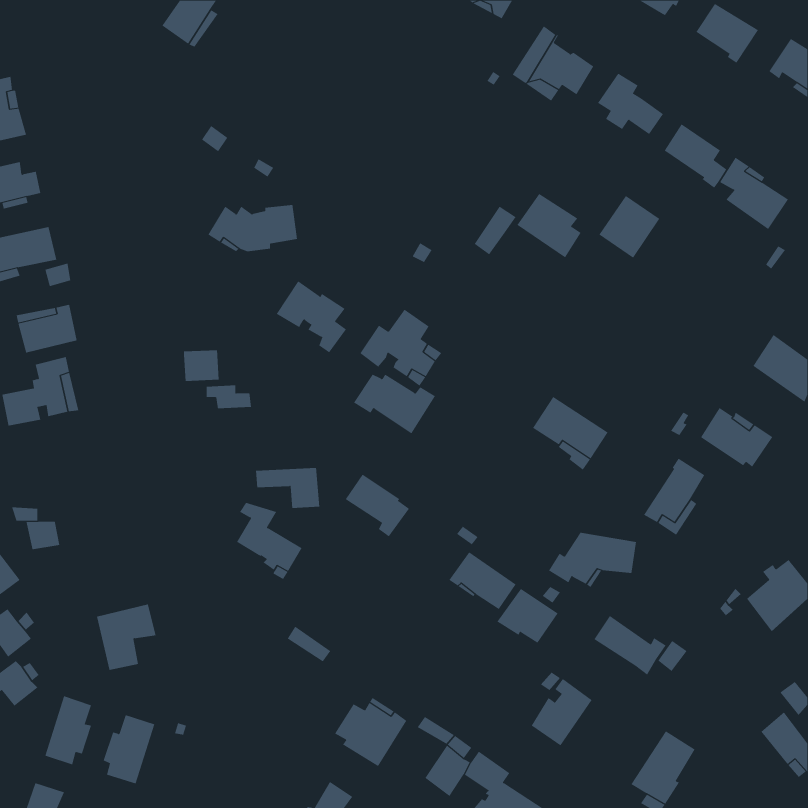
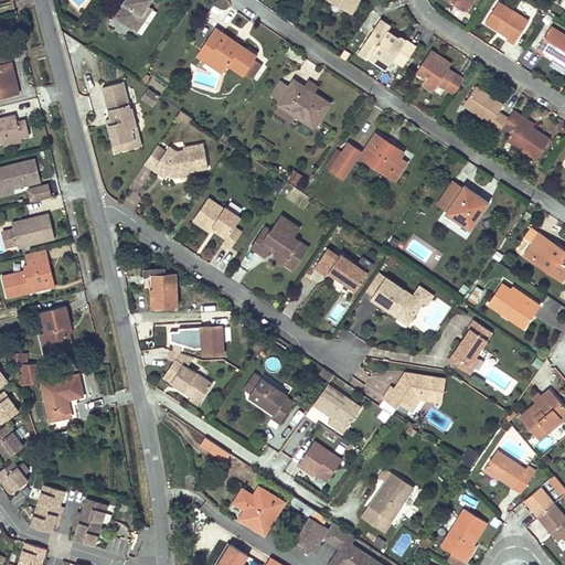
building: none -> [199,29,260,81]
building: none -> [277,81,329,126]
building: none -> [100,83,137,153]
building: [599,195,660,258] -> [445,186,488,231]
building: [183,350,220,381] -> [151,285,177,307]
building: [353,374,436,434] -> [315,248,372,290]
building: none -> [40,307,71,354]
building: [345,474,410,537] -> [247,380,292,424]
building: [497,588,558,644] -> [299,441,342,480]
building: [96,604,156,670] -> [41,375,83,422]
building: [594,615,666,676] -> [483,454,534,495]

